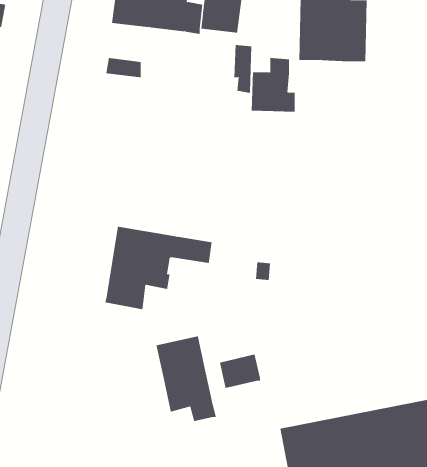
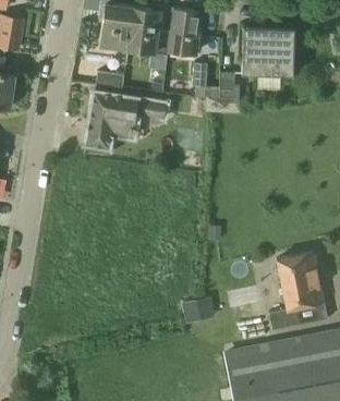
building: [104,226,212,310] -> [84,90,166,154]
building: none -> [267,251,327,330]
building: [156,335,217,422] -> none

